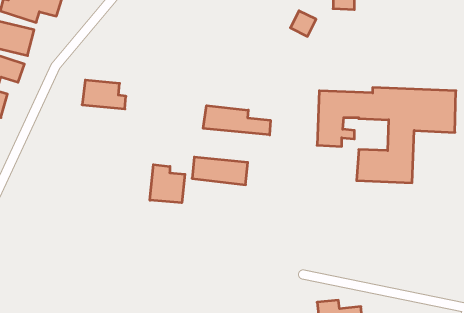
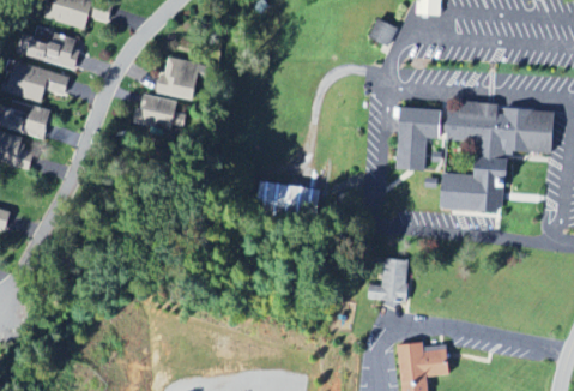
building: none -> [157,55,201,100]
building: [203,106,270,135] -> none
building: [150,165,185,203] -> none
building: none -> [369,258,409,300]

